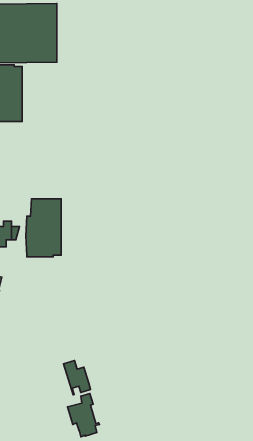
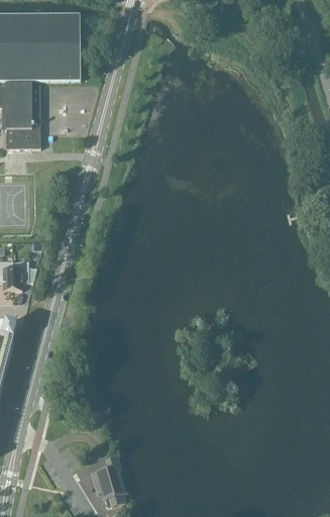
building: [26,199,61,257] -> none
building: [64,361,91,395] -> none

